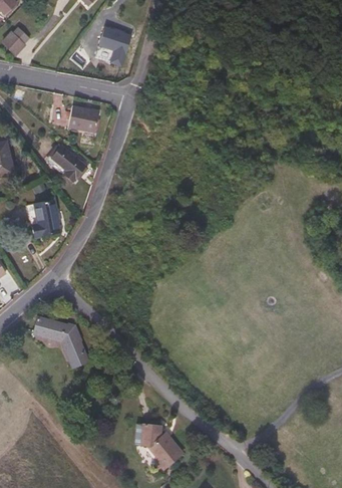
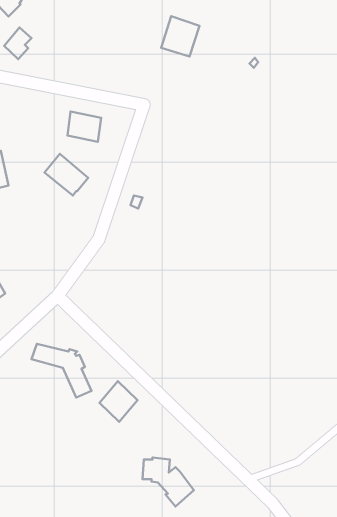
building: [100,26,135,63] -> [161,16,199,56]
building: [26,199,57,237] -> none
building: none -> [99,381,137,422]

